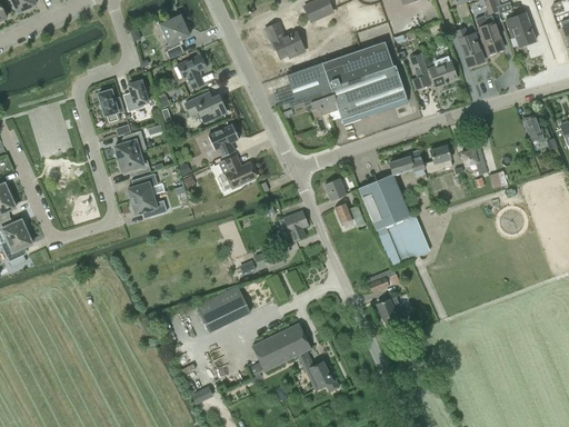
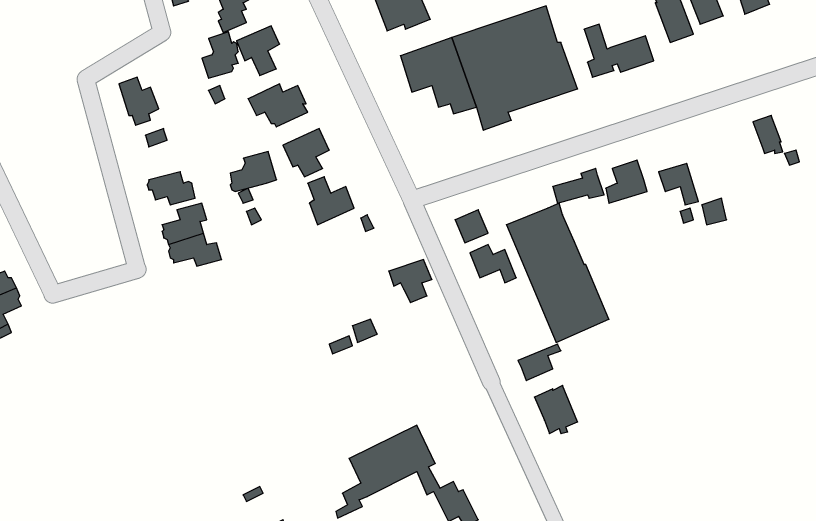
building: [123,80,148,111] -> [202,32,238,78]
building: [114,131,146,158] -> [230,152,277,191]
building: [196,286,249,331] -> none

